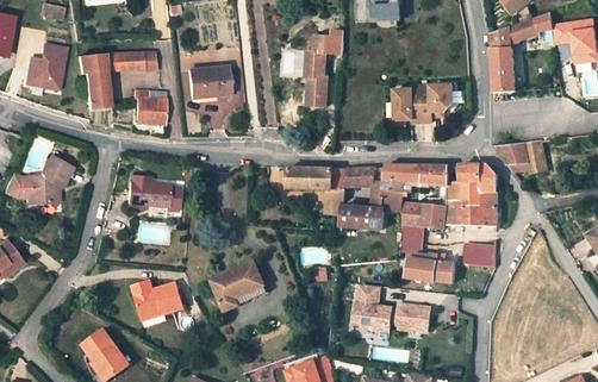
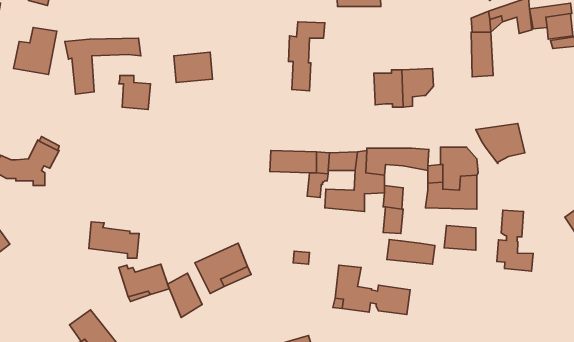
building: [127,175,179,212] -> [89,222,139,258]
building: [421,205,447,228] -> none
building: none -> [497,210,533,271]
building: none -> [168,273,202,317]

